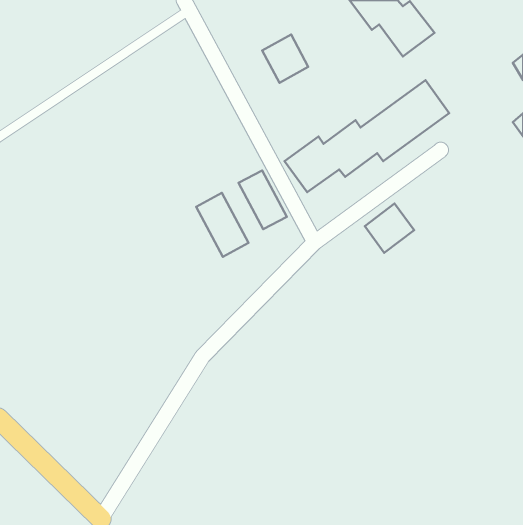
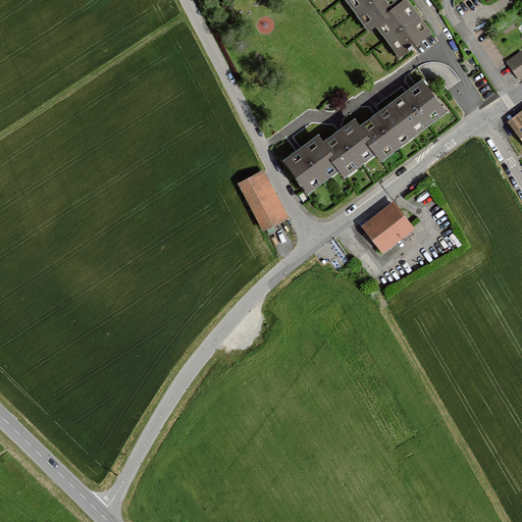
building: [262,34,308,83] -> none
building: [196,193,249,257] -> none

